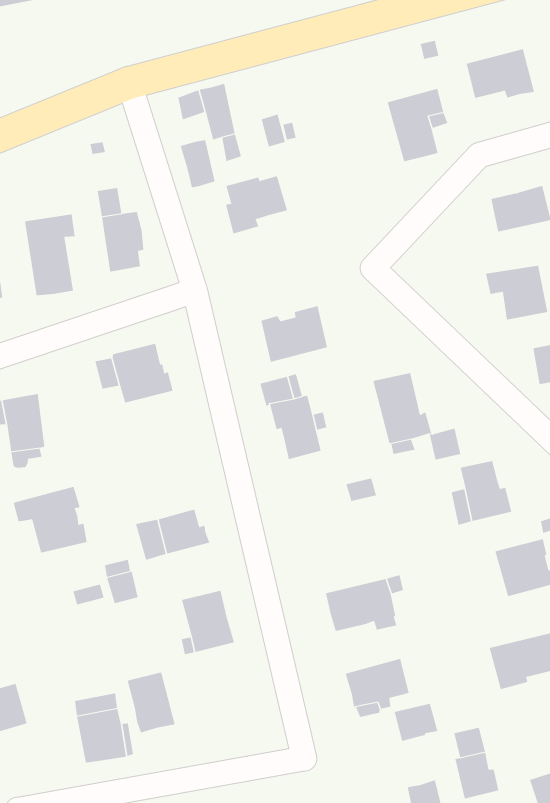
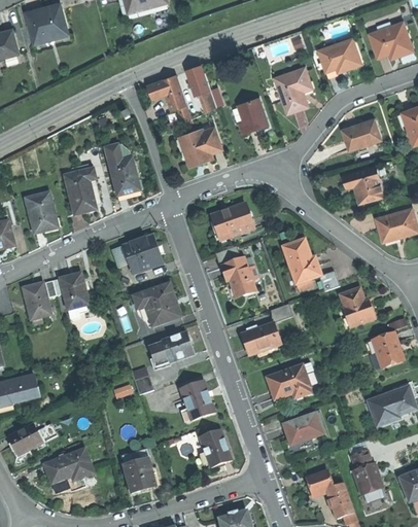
building: none -> [238,98,268,133]
building: [180,140,216,188] -> [186,66,210,96]
building: [13,486,88,553] -> [133,283,180,325]
building: none -> [241,322,280,355]
building: [127,672,175,733] -> [199,429,231,467]
building: [394,703,438,741] -> [306,470,334,495]

